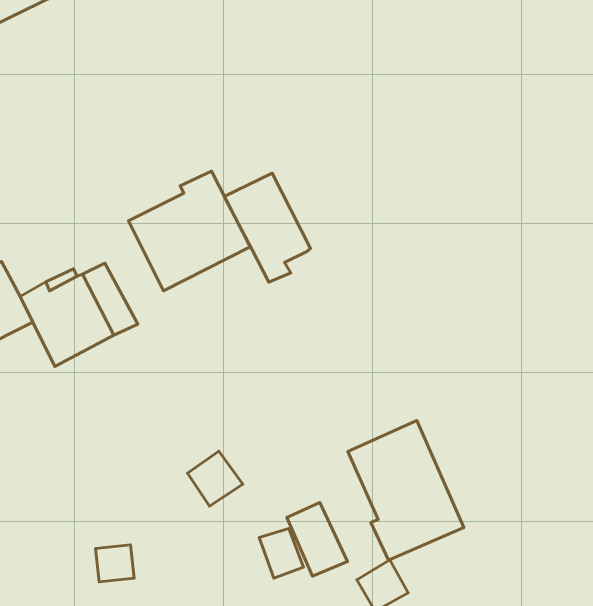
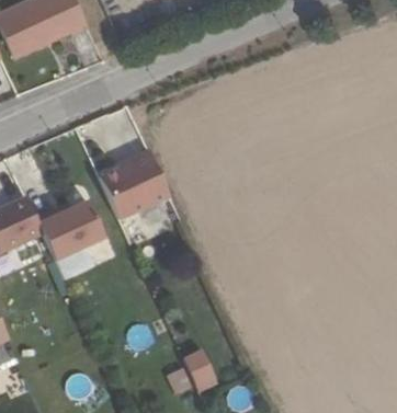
building: [224,173,310,282] -> none
building: [348,420,464,560] -> none

